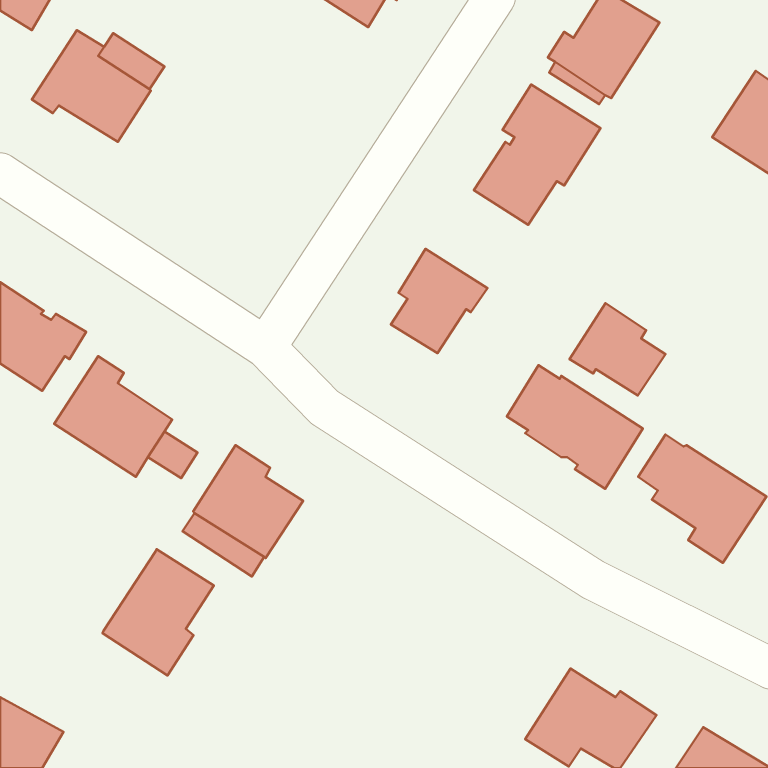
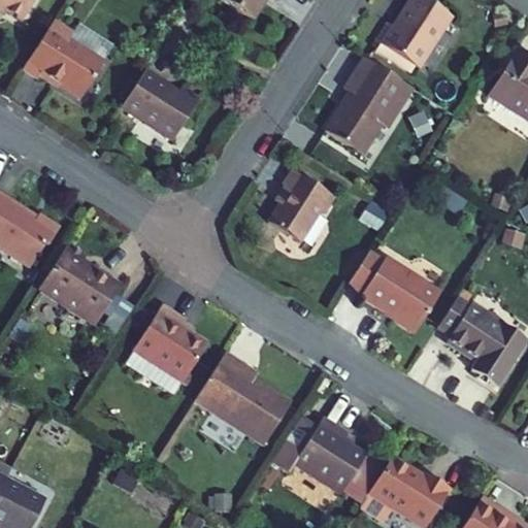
building: none -> [122,69,201,140]
building: [569,303,666,396] -> none
building: none -> [195,353,292,444]
building: [103,549,214,676] -> none
building: none -> [273,416,367,493]

